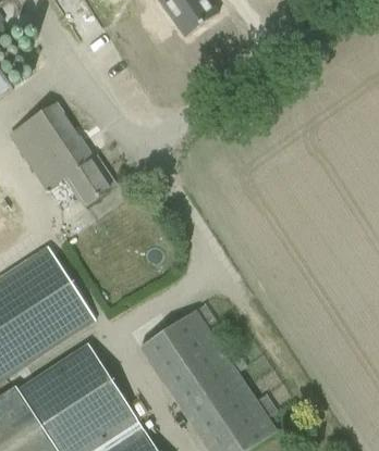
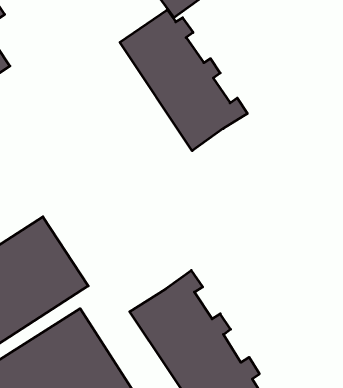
building: none -> [120,10,247,151]
building: [9,103,111,203] -> none

